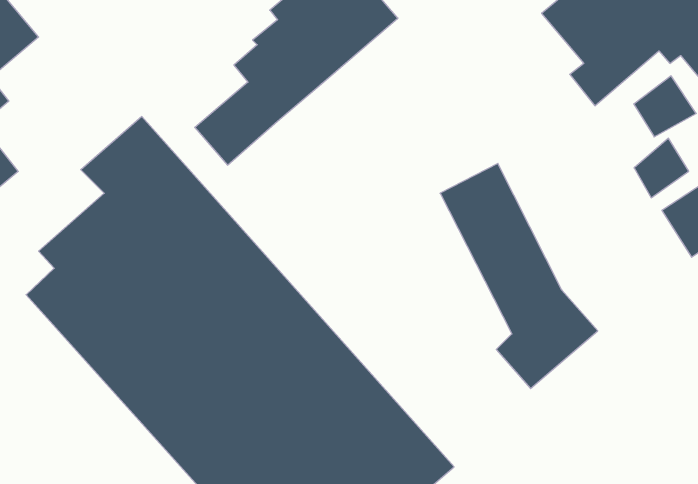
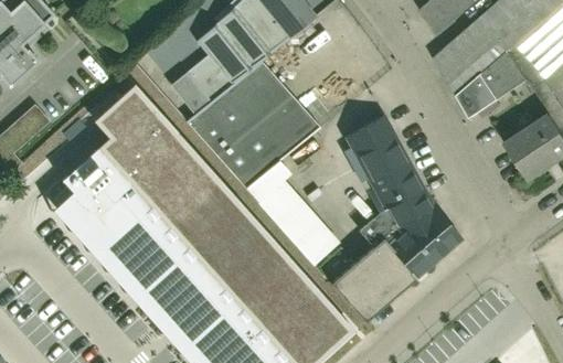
building: none -> [189,61,343,267]
building: [634,138,689,198] -> [458,75,497,117]
building: none -> [328,237,410,318]

